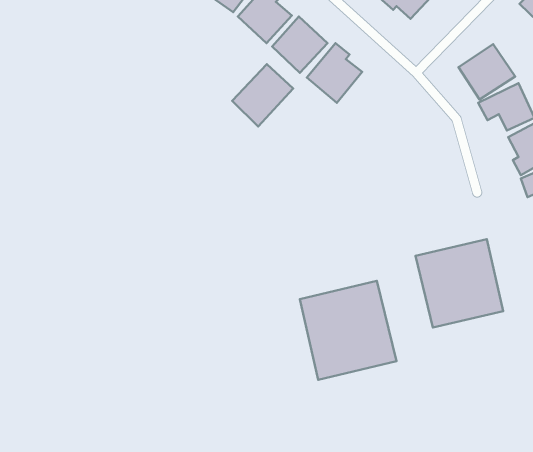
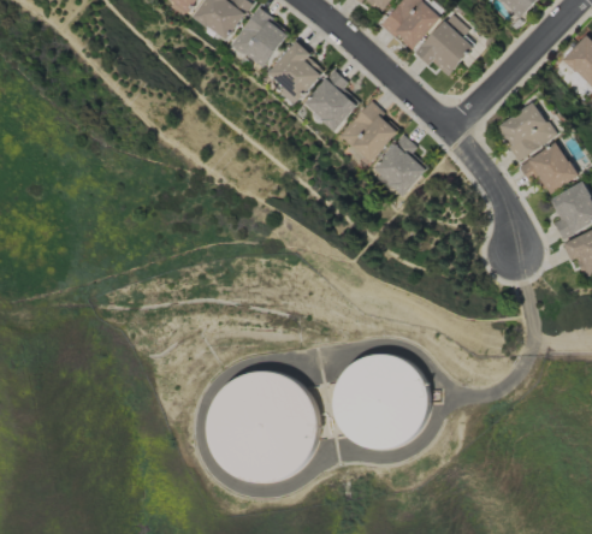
building: [232,64,293,126] -> none
building: none -> [372,134,425,195]
building: [416,239,503,327] -> none
building: none -> [209,369,321,481]

